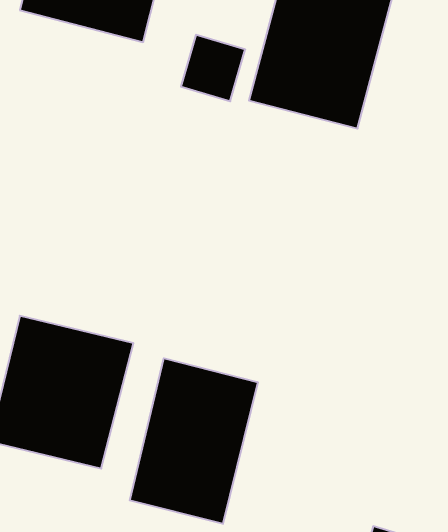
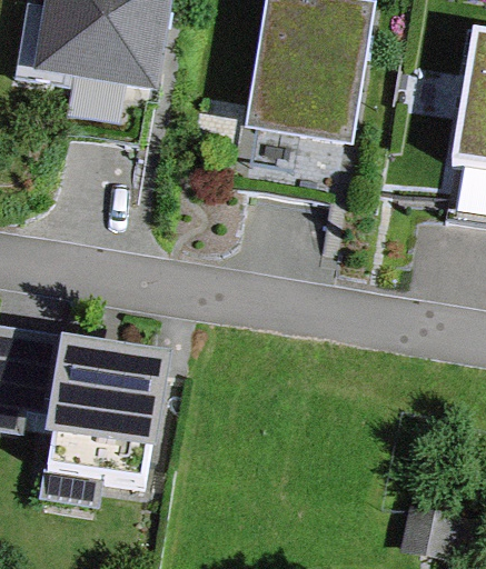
building: [130,358,258,524] -> none

